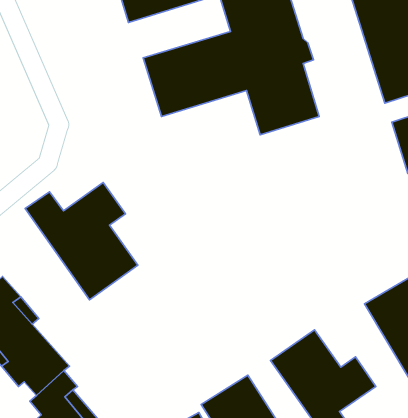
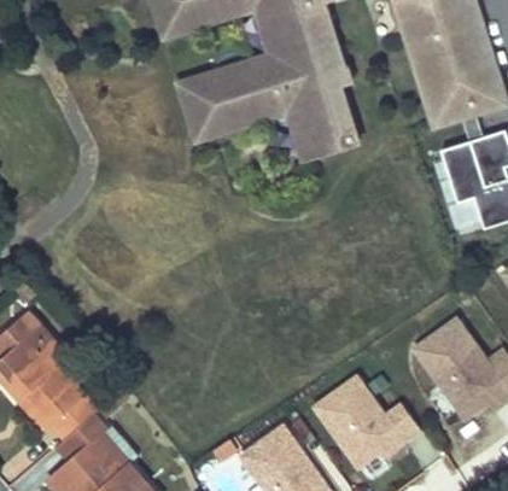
building: [25,182,138,300] -> none

